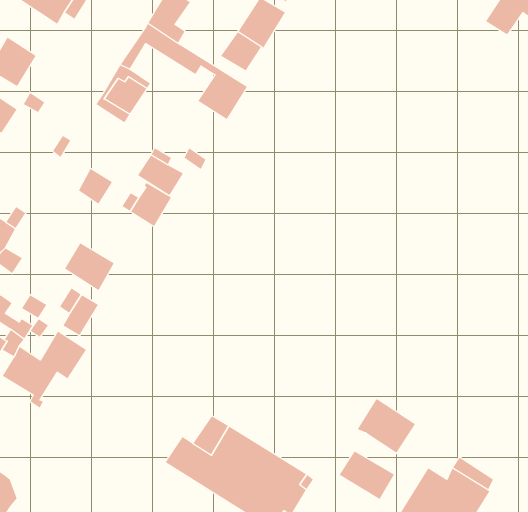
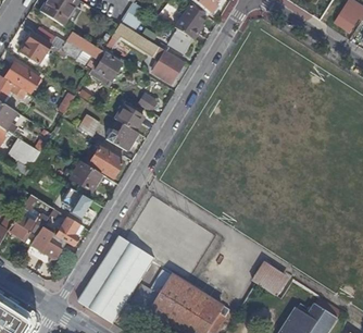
building: none -> [64,32,102,60]
building: none -> [88,149,121,180]
building: none -> [79,233,155,321]
building: [339,450,395,500] -> none

